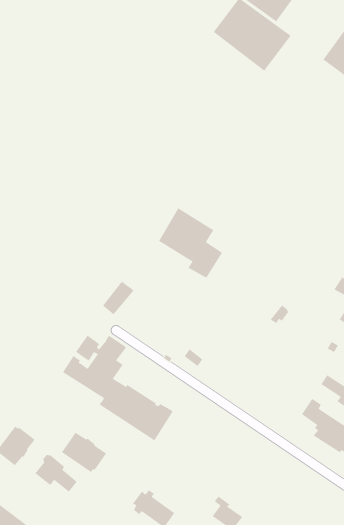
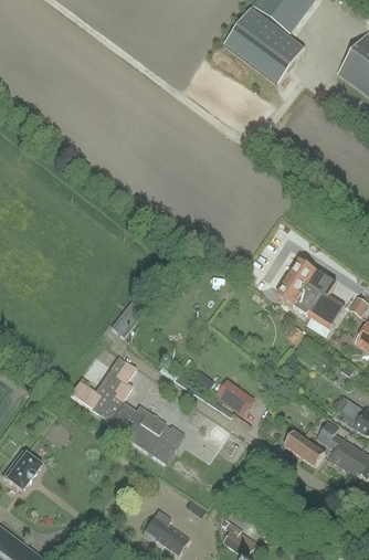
building: [158,208,223,279] -> [277,260,344,332]
building: none -> [214,377,253,412]
building: none -> [283,430,324,466]
building: [61,432,107,473] -> none
building: [34,454,78,493] -> none

